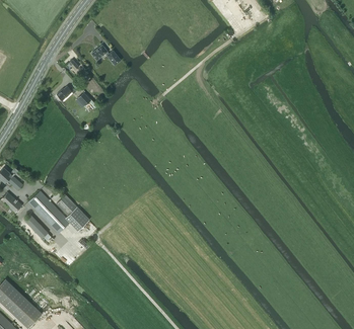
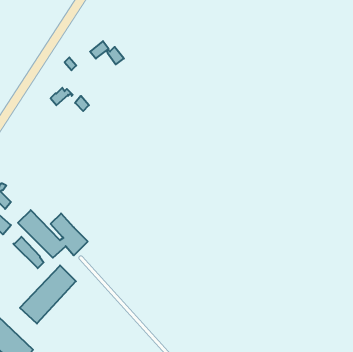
building: none -> [20,265,76,324]

